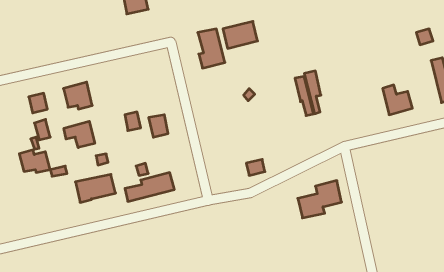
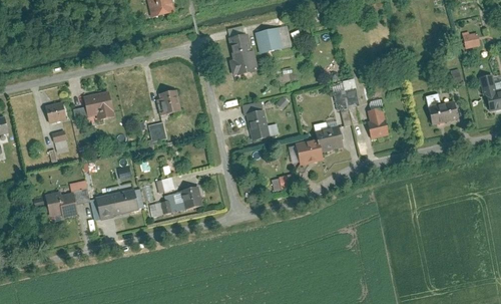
building: none -> [241,103,279,141]
building: none -> [367,107,389,139]
building: [149,115,168,137] -> [159,90,180,114]
building: [64,121,95,148] -> none
building: [19,150,50,172] -> [45,193,78,217]
building: [298,181,342,218] -> [296,124,343,165]

